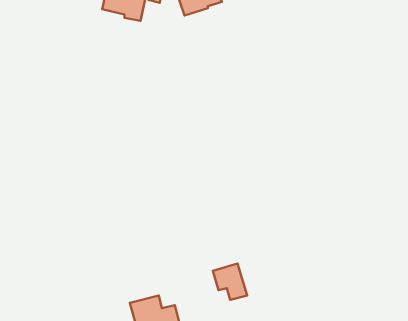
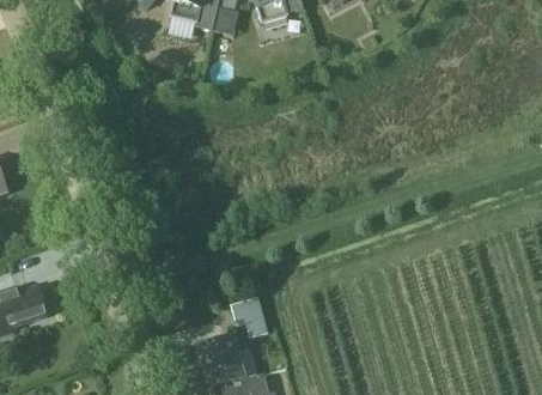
building: [213,263,247,300] -> [230,296,268,336]

